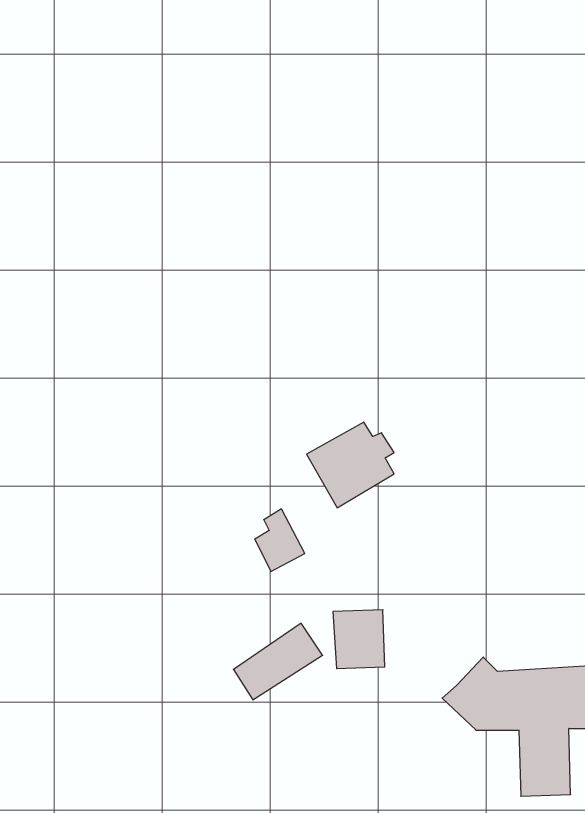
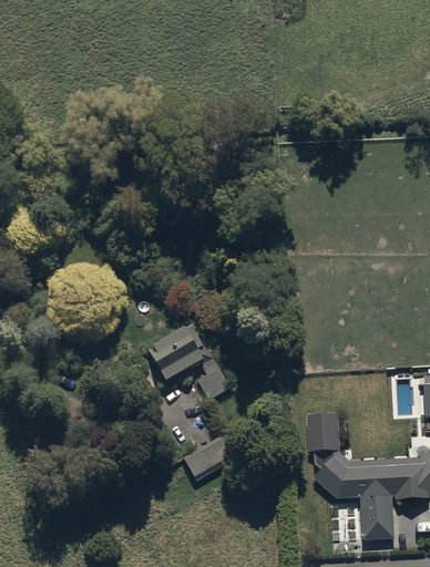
building: [307,422,394,508] -> [147,330,202,383]
building: [333,610,385,669] -> [306,414,338,451]

